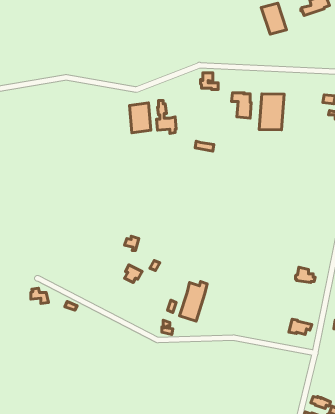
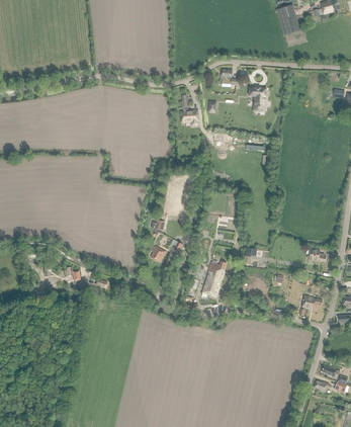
building: [259,94,284,130] -> none
building: [129,103,151,133] -> none

